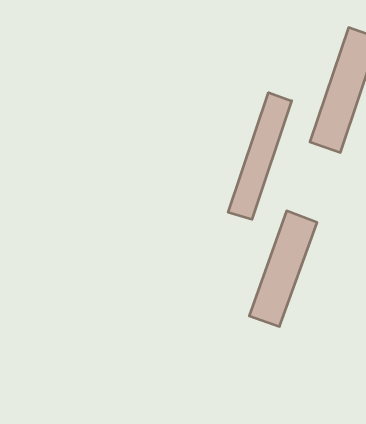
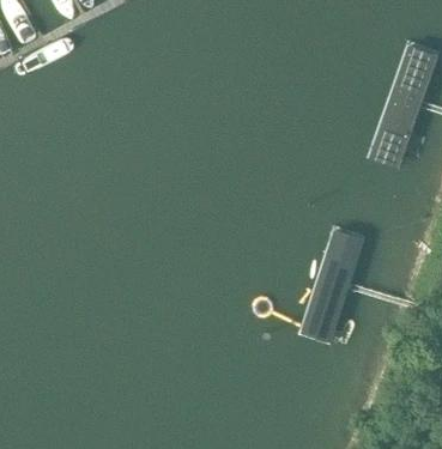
building: [228,93,292,219] -> none

